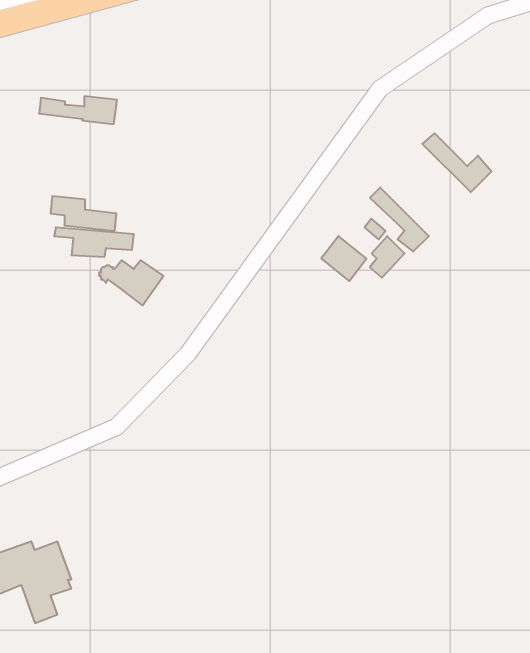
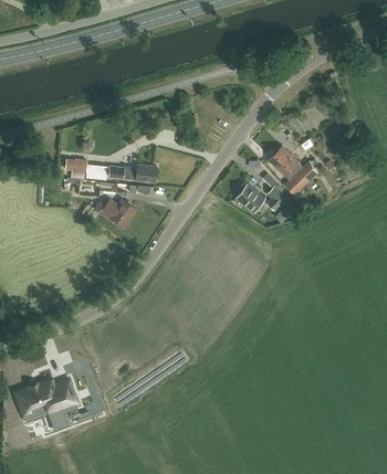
building: [39,96,117,124] -> [107,165,157,182]
building: [422,133,492,192] -> [274,146,318,183]

